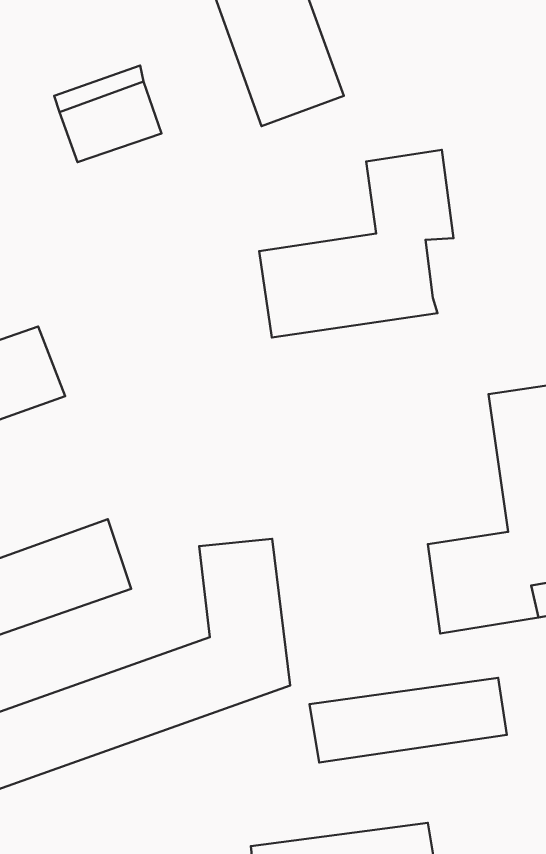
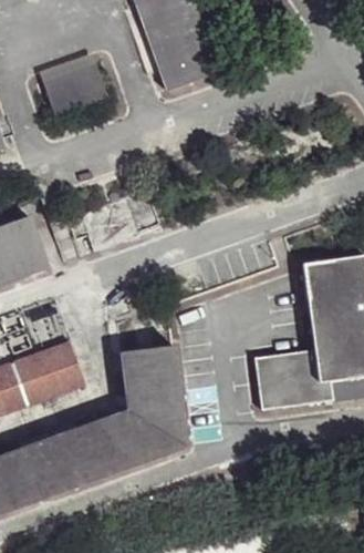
building: [259,150,454,337] -> none
building: [309,678,507,763] -> none

